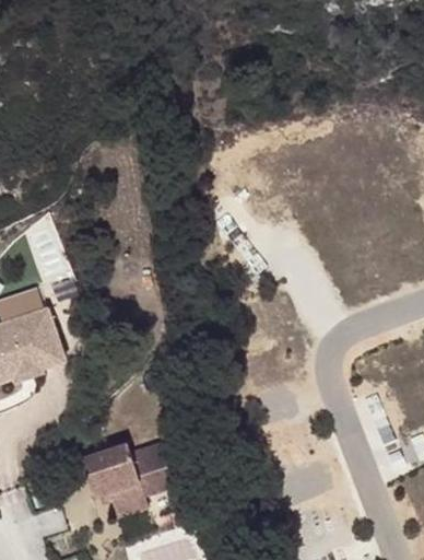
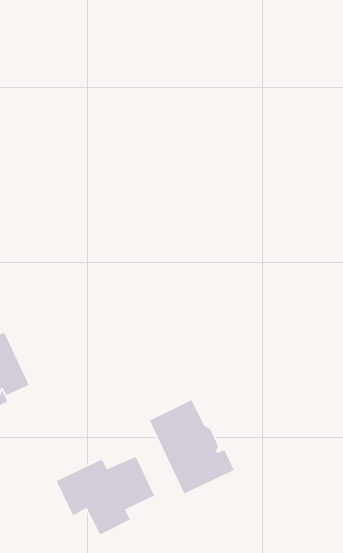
building: none -> [149,399,235,494]

